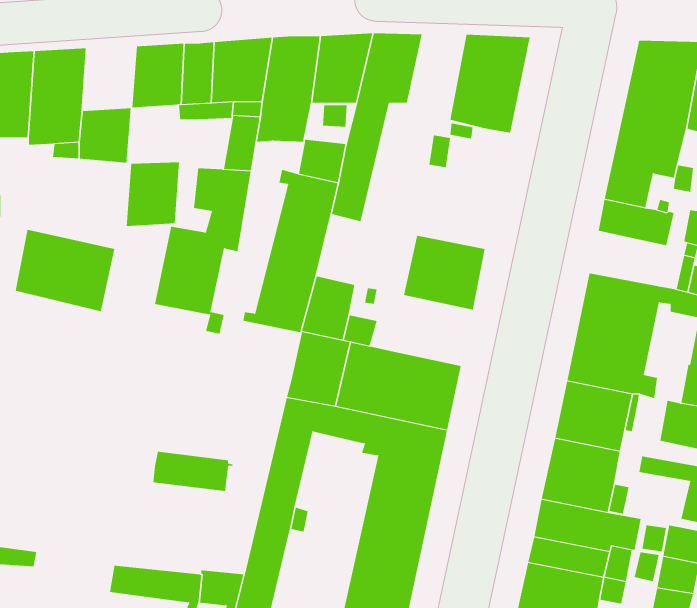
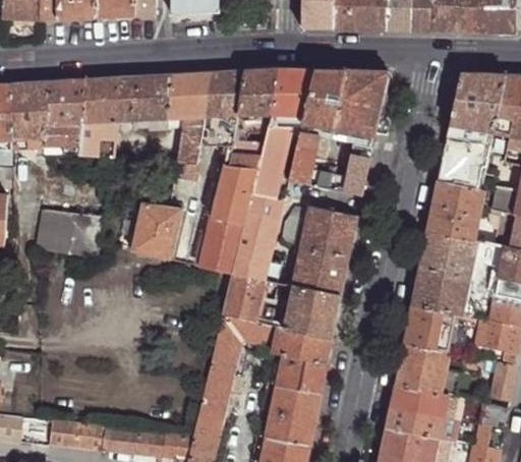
building: none -> [304,70,344,128]
building: none -> [290,131,374,196]
building: [126,162,180,226] -> [83,78,120,122]
building: none -> [242,192,280,240]
building: none -> [427,204,480,241]
building: none -> [293,247,349,295]
building: [153,451,233,492] -> [50,421,105,449]

